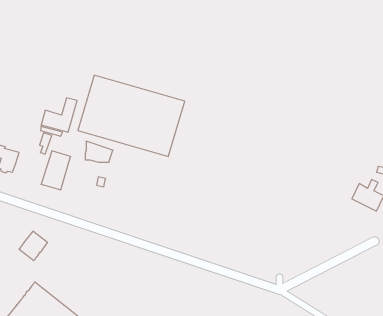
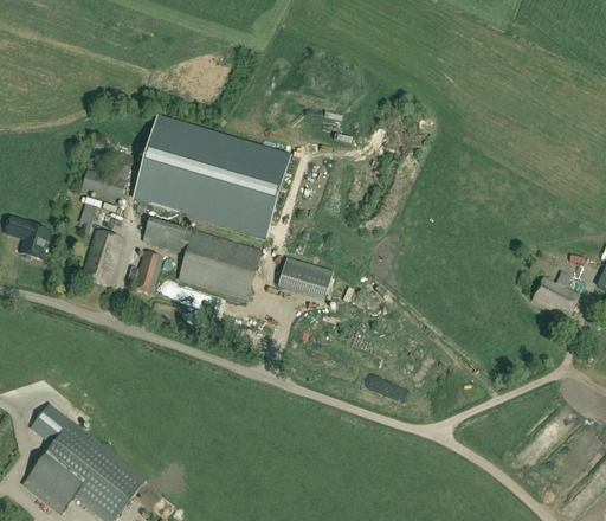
building: none -> [178,229,262,298]
building: none -> [134,250,162,291]
building: none -> [277,257,331,298]
building: [19,231,48,261] -> [30,403,71,445]

